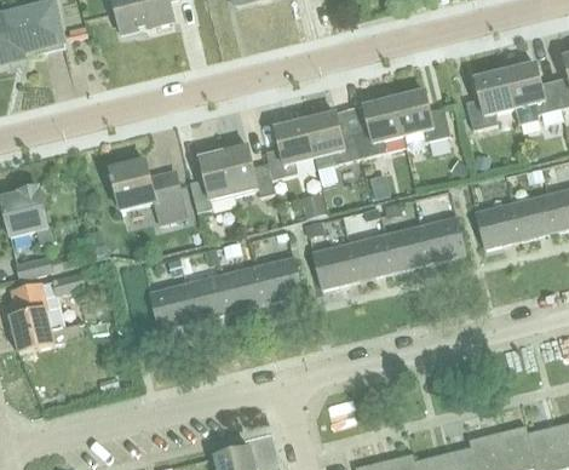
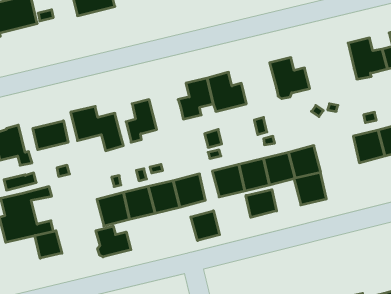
building: [465,70,513,128] -> none
building: [354,98,403,156] -> none
building: [223,144,275,195] -> none
building: none -> [33,121,68,150]
building: [475,202,521,248] -> [294,172,326,205]
building: none -> [246,190,277,217]
building: none -> [191,211,220,241]
building: none -> [96,226,131,257]
building: none -> [35,231,62,258]

